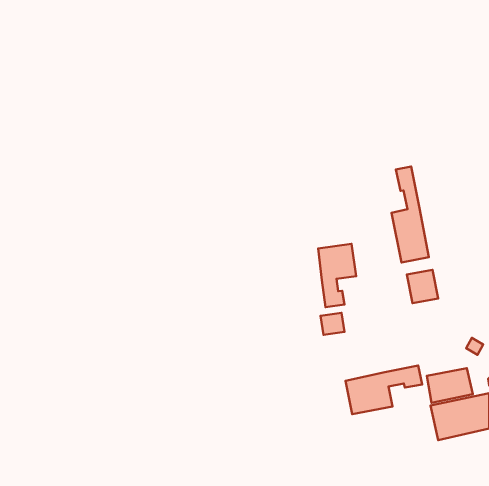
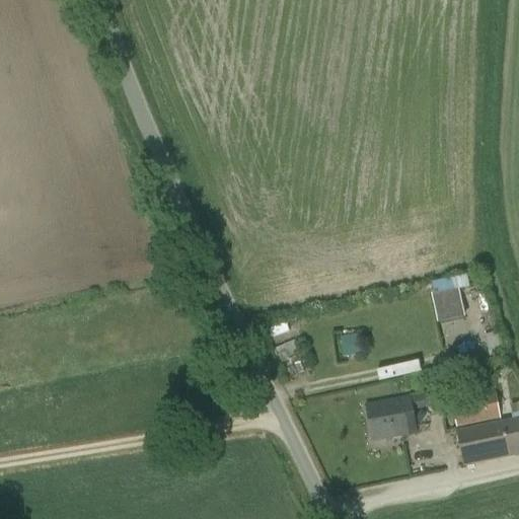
building: [391,166,429,263] -> none
building: [318,244,356,307] -> none

